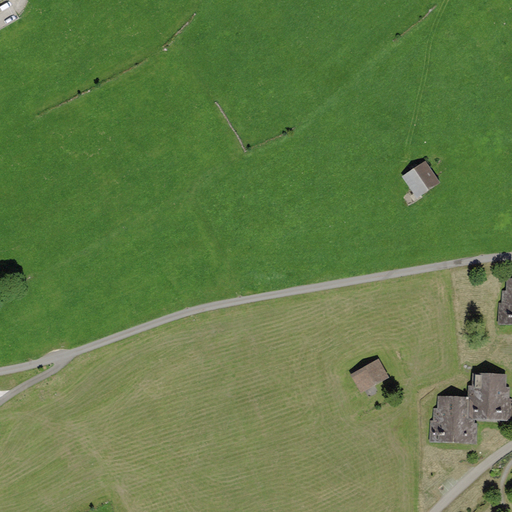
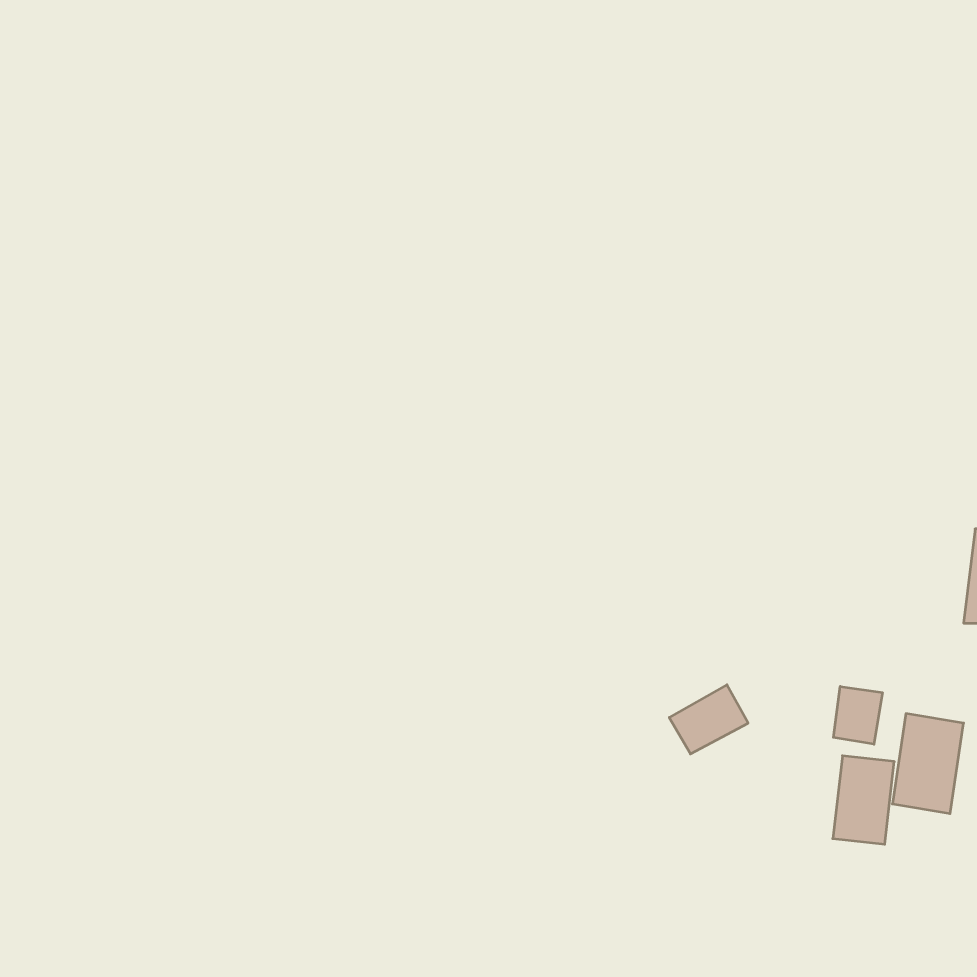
building: [401,160,439,197] -> none
building: none -> [833,686,882,744]

